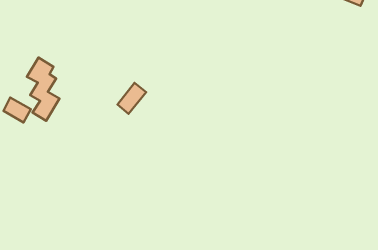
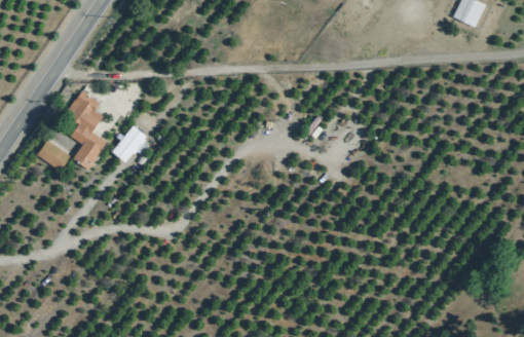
building: [118,83,146,114] -> [113,124,148,162]

